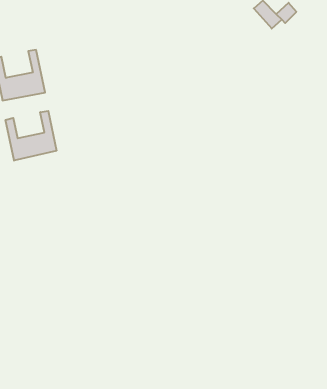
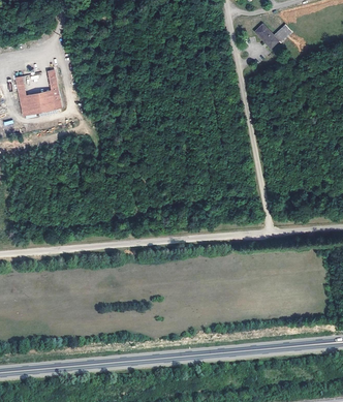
building: [6,111,56,161] -> none

